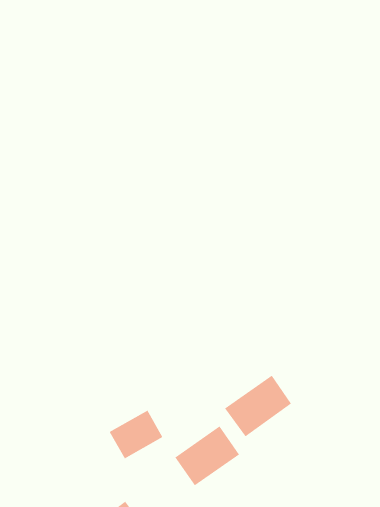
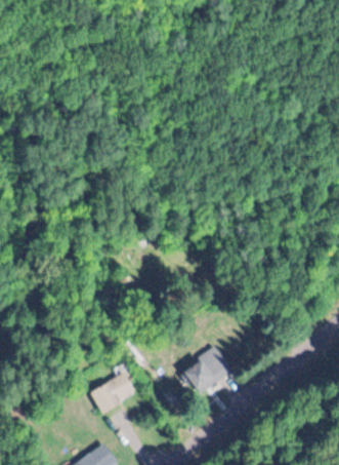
building: [175,426,240,486] -> none

